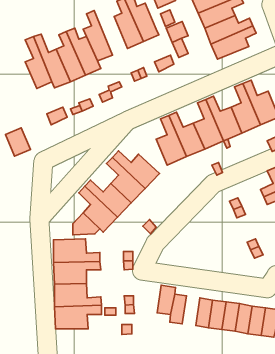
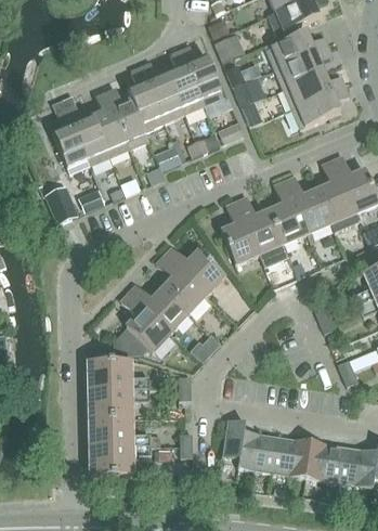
building: none -> [140,61,183,122]
building: [5,128,31,156] -> [44,186,77,223]
building: none -> [253,433,276,471]

